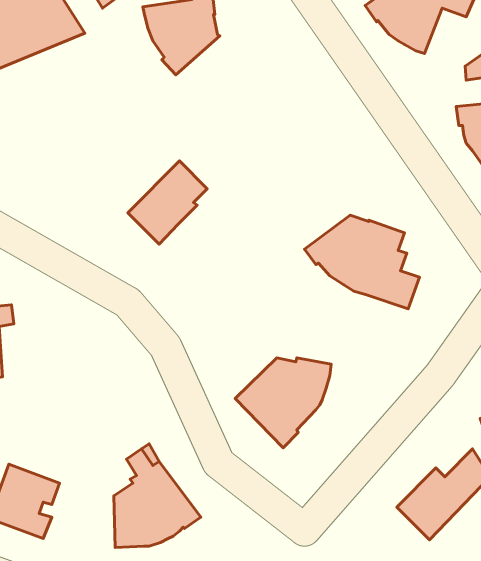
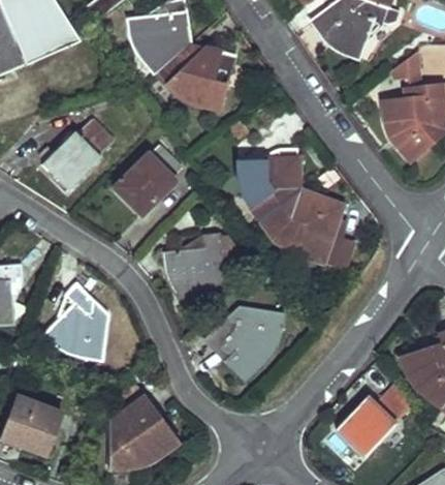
building: none -> [155,43,235,111]
building: none -> [37,118,114,189]
building: none -> [241,148,298,218]
building: none -> [164,234,243,310]
building: none -> [46,283,108,360]

